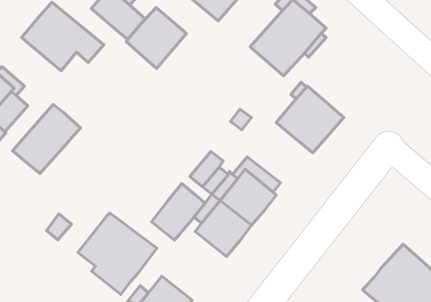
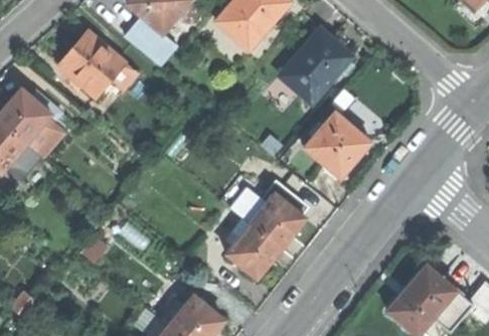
building: [126,7,186,68] -> none
building: [12,104,80,173] -> none
building: [151,184,205,240] -> none
building: [78,213,157,295] -> none

